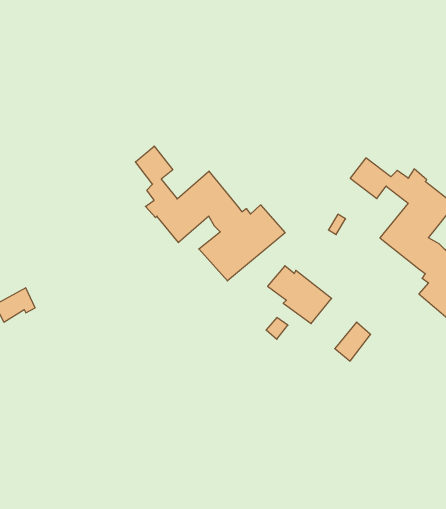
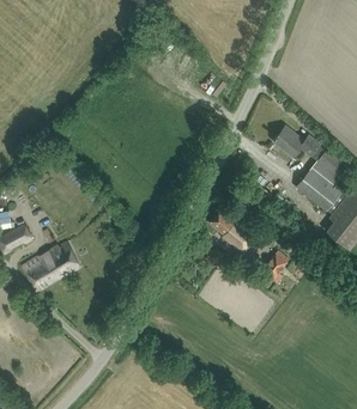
building: [135,146,285,281] -> none
building: none -> [22,244,80,292]

